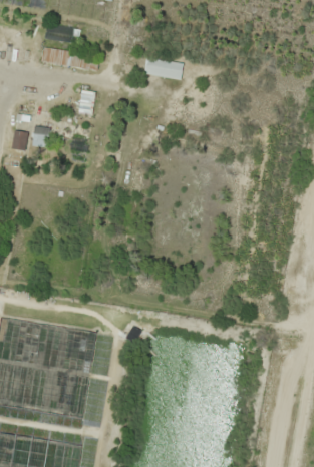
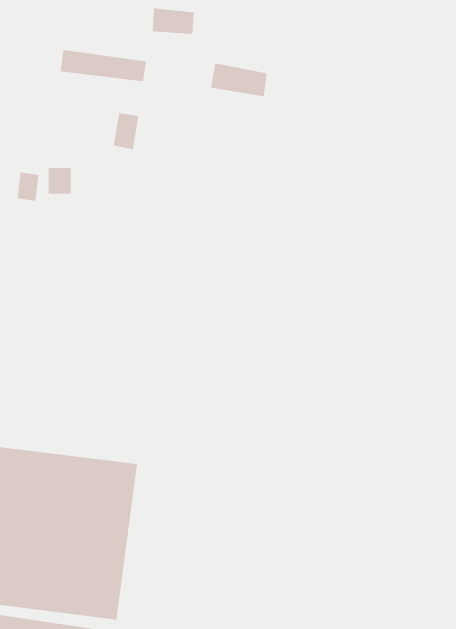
building: [45,23,74,41] -> [152,8,195,34]

